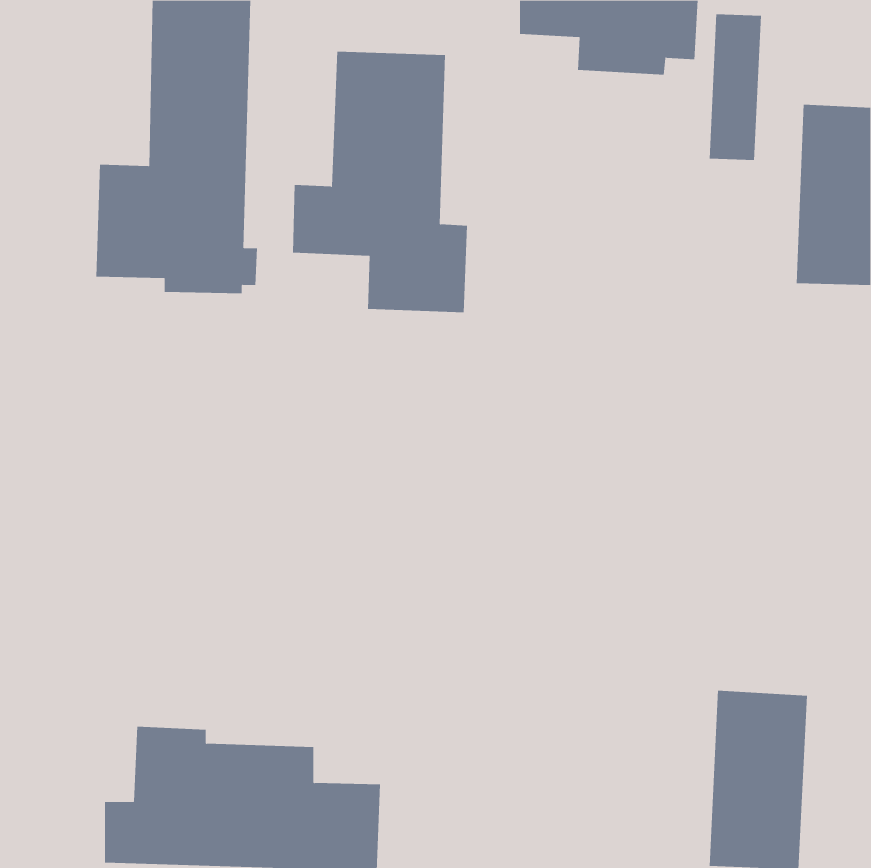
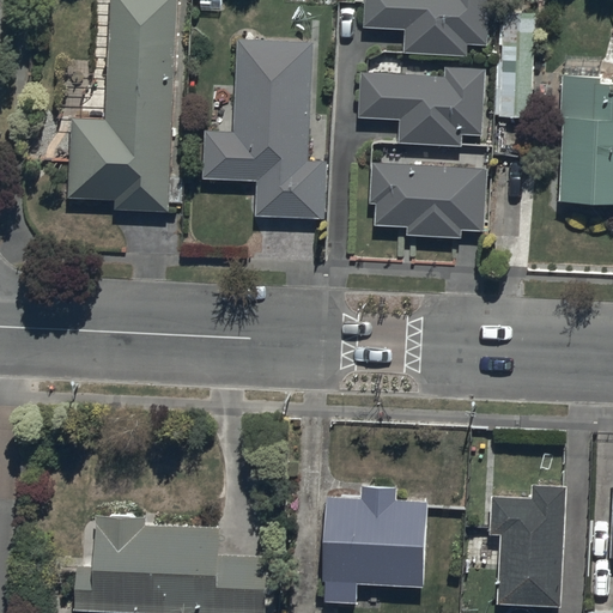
building: none -> [360,69,486,147]
building: none -> [370,164,488,238]
building: none -> [323,484,424,603]

